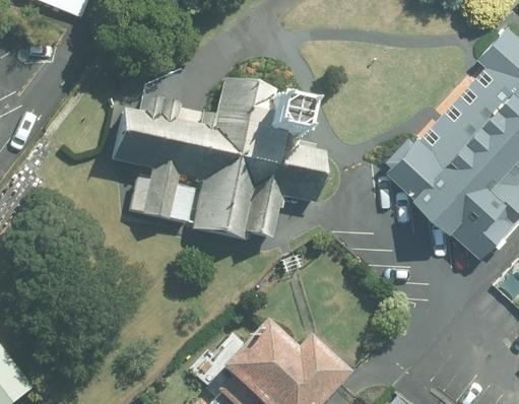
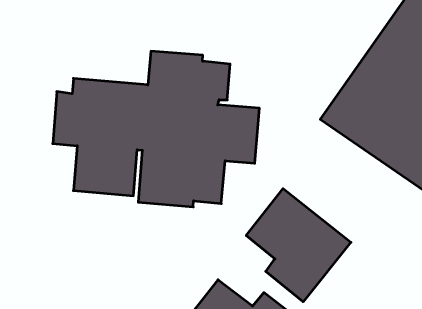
building: none -> [246,189,351,302]

